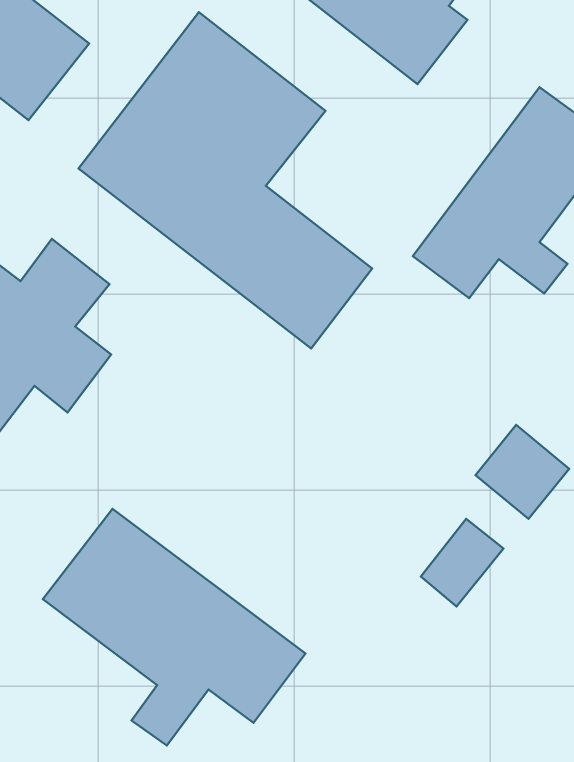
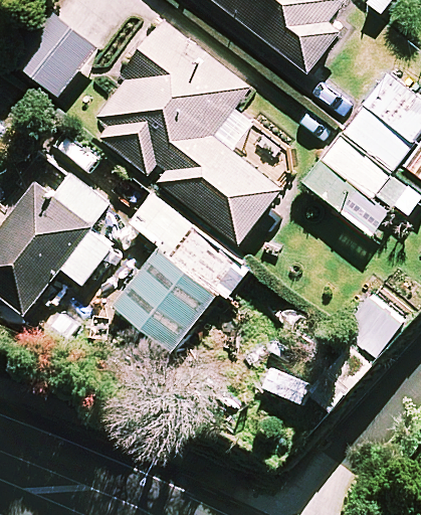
building: none -> [115,195,247,351]
building: [43,509,305,746] -> none

